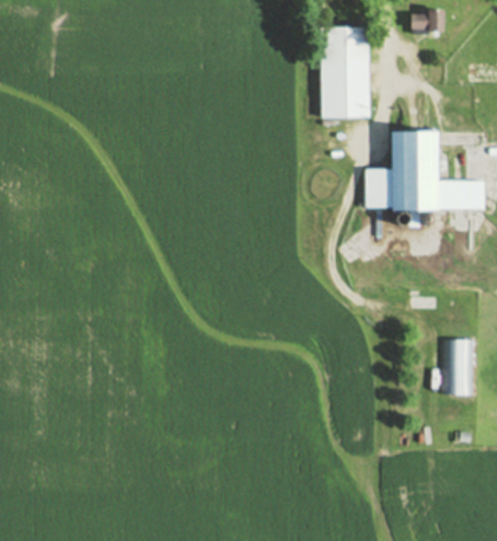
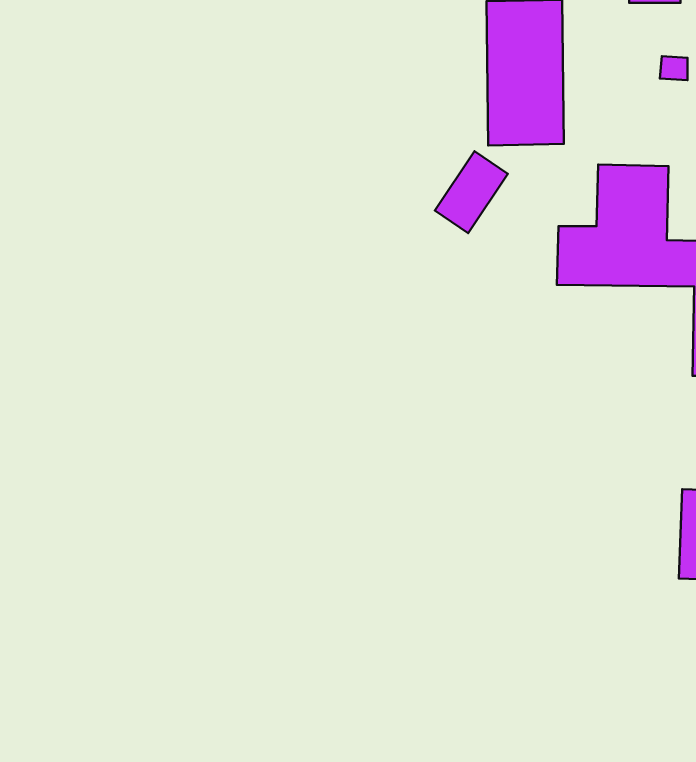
building: none -> [435,151,508,233]

